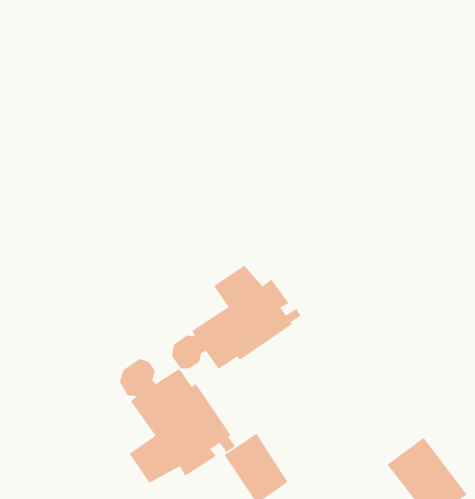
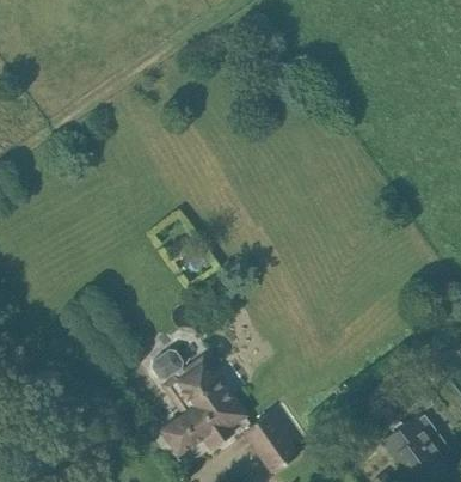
building: [171,265,301,370] -> none

